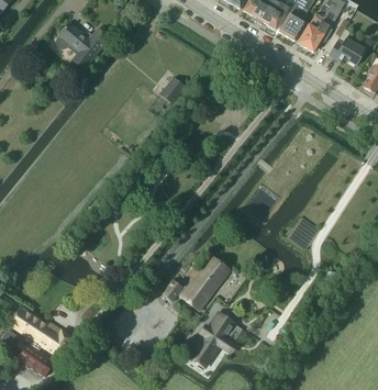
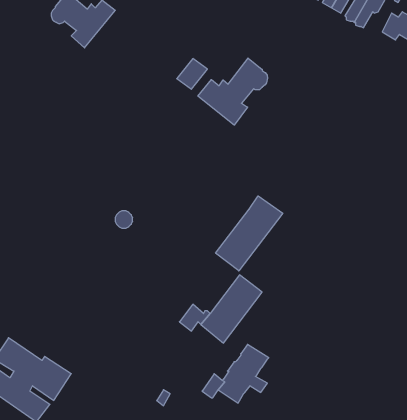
building: none -> [198,58,267,125]
building: none -> [216,196,283,271]

